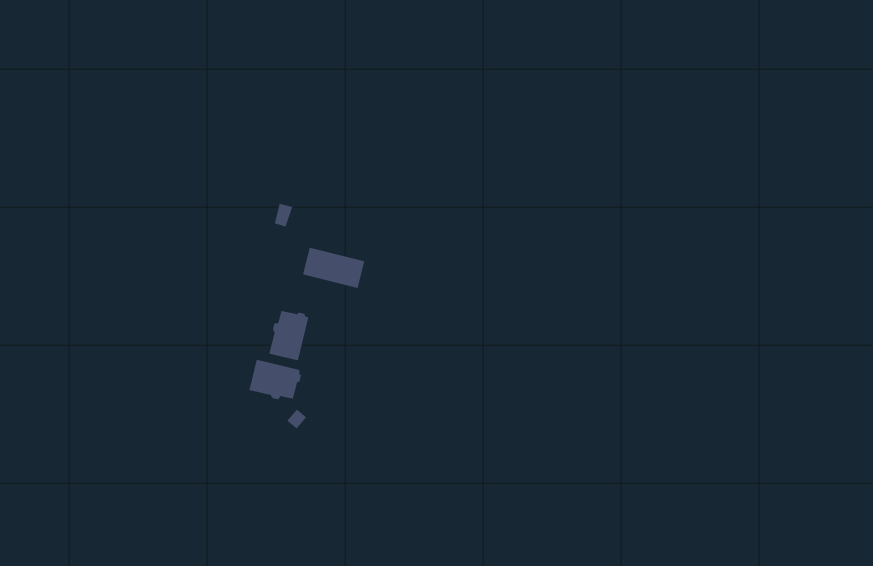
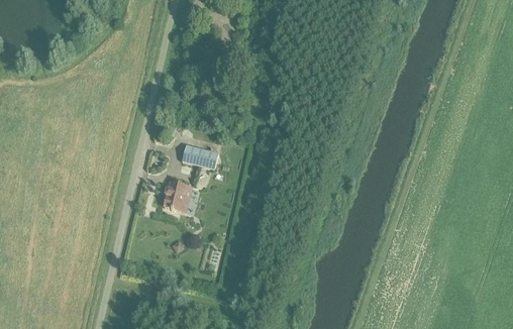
building: [248,359,302,400] -> none

